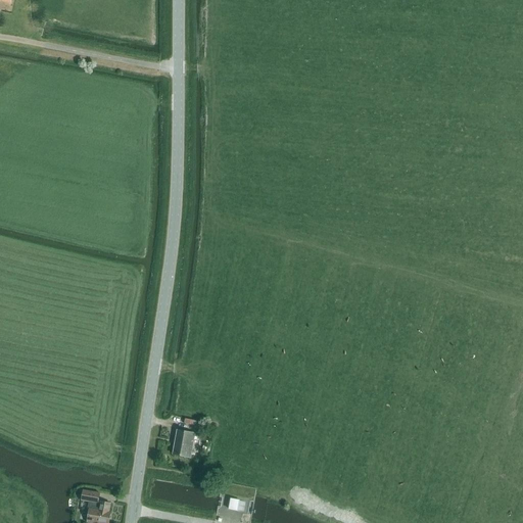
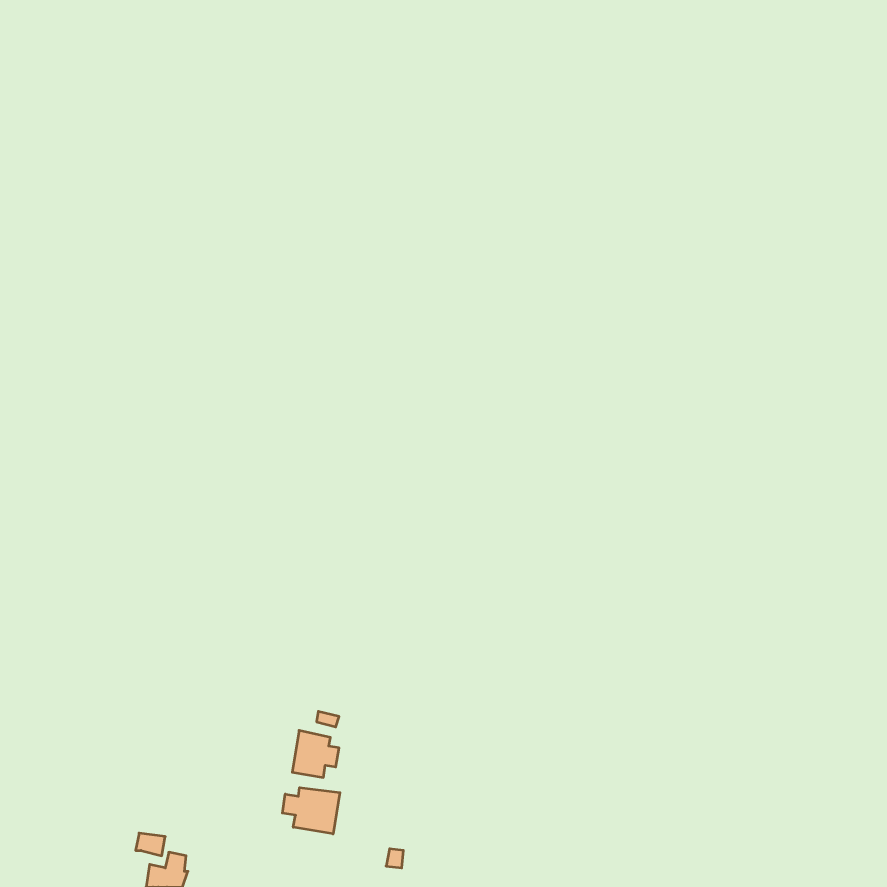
building: none -> [282,788,340,834]

